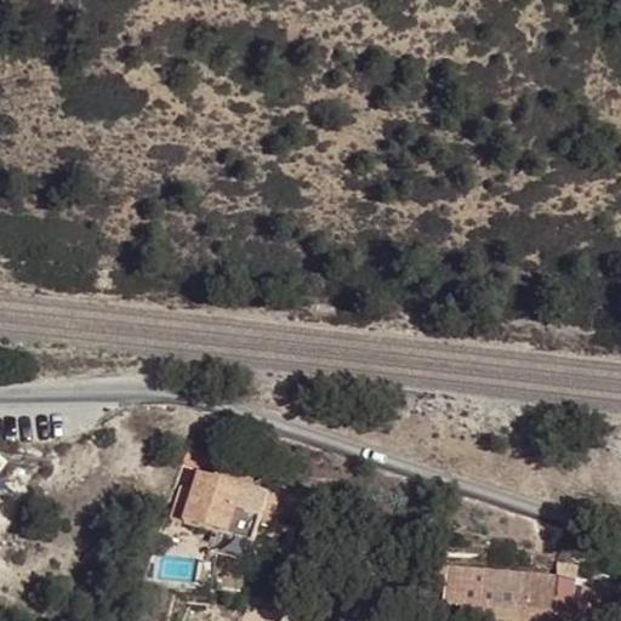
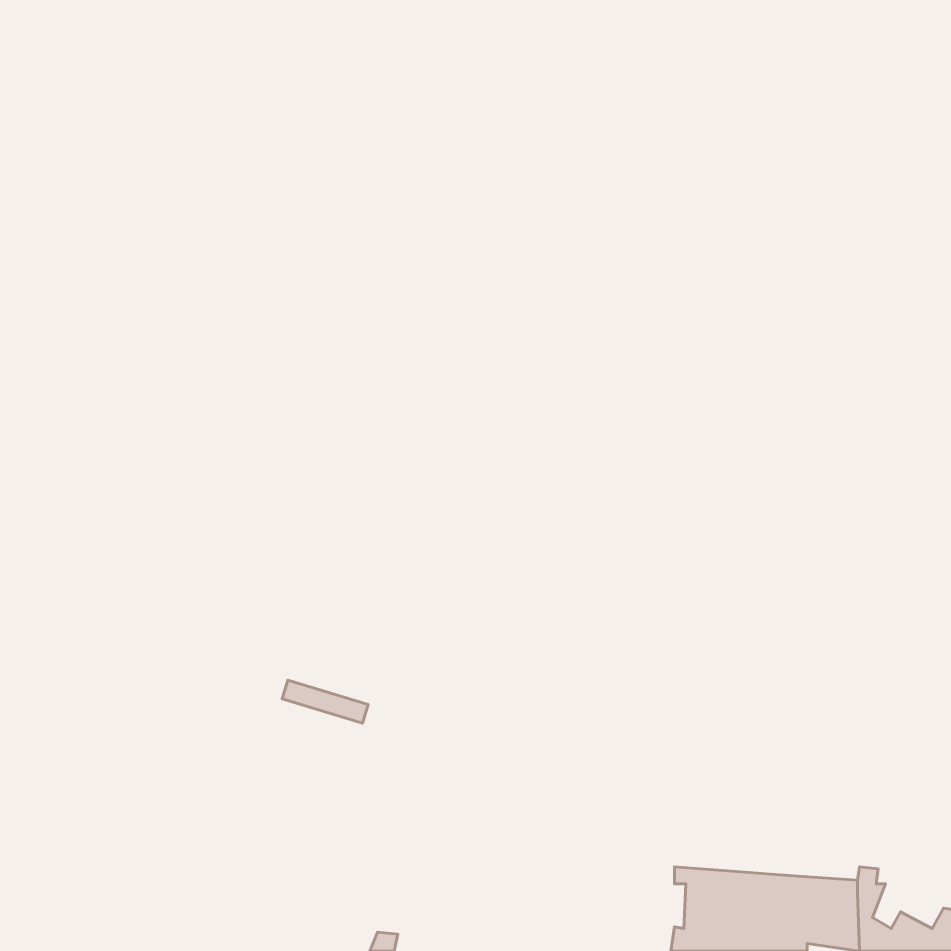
building: [177,472,270,541] -> none

